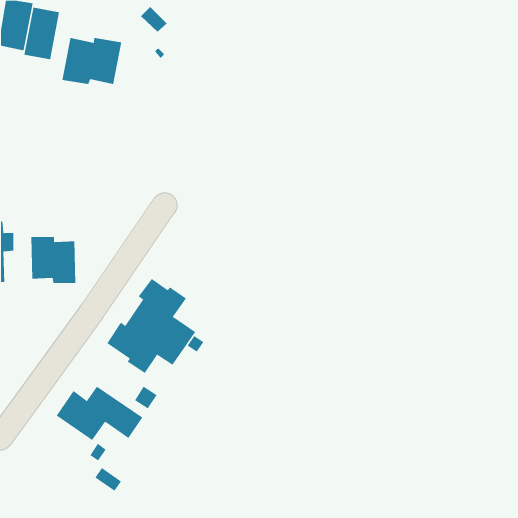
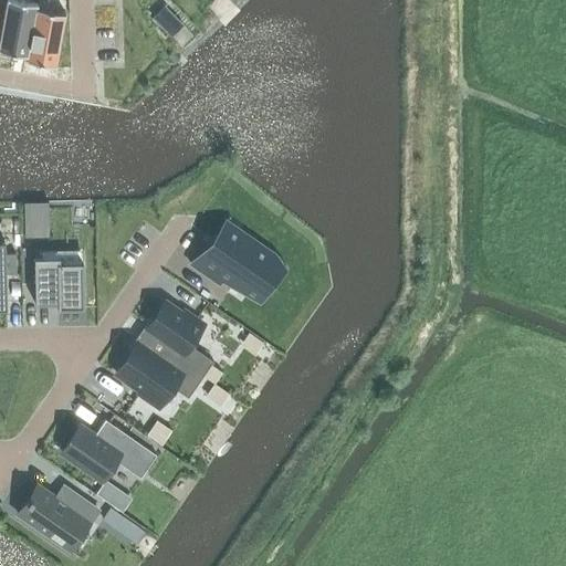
building: [62,37,122,85] -> none
building: none -> [190,223,287,301]
building: none -> [19,488,101,547]

